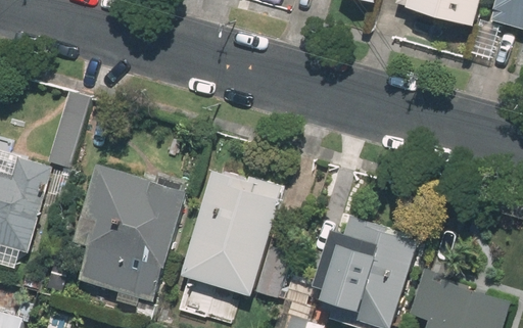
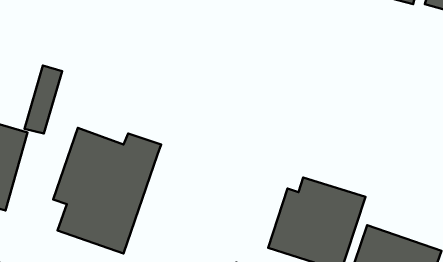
building: [181,166,288,303] -> none

